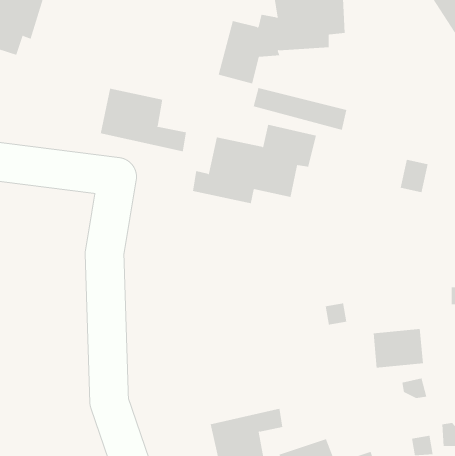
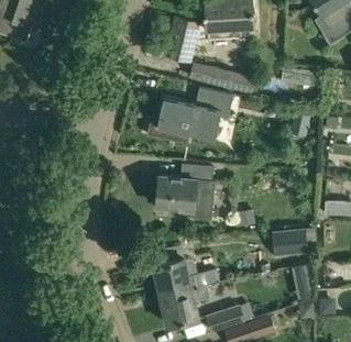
building: [100,88,186,152] -> none
building: none -> [156,164,216,216]
building: none -> [153,257,208,295]

